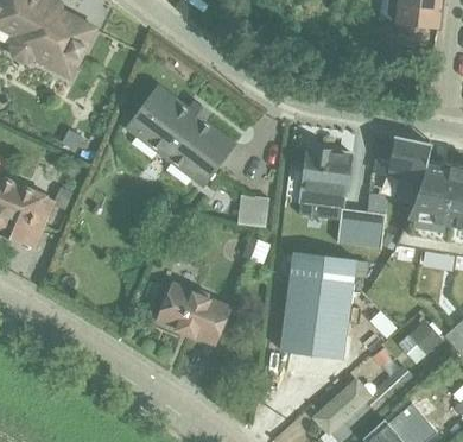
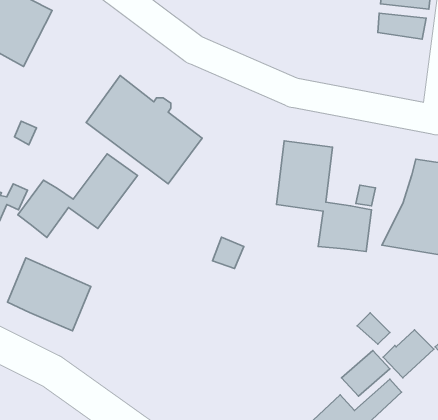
building: [386,137,429,201] -> none
building: none -> [18,154,137,237]
building: [236,192,267,226] -> none
building: [280,250,360,351] -> none
building: [156,278,231,345] -> [7,258,91,331]

